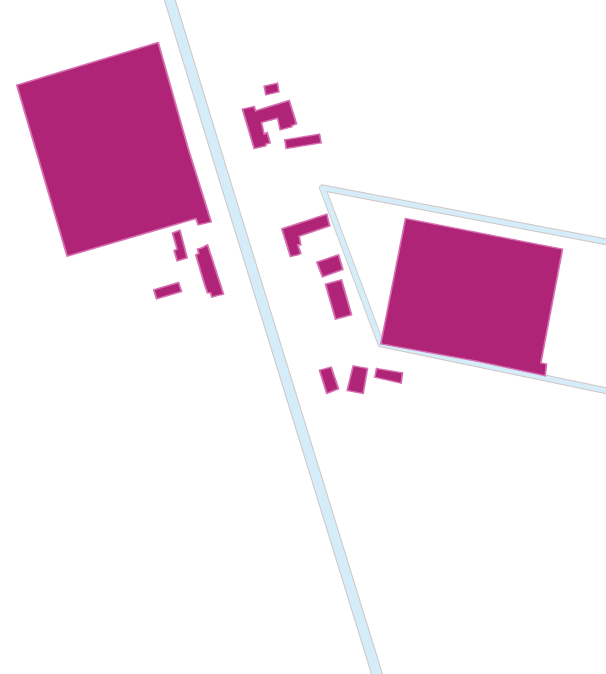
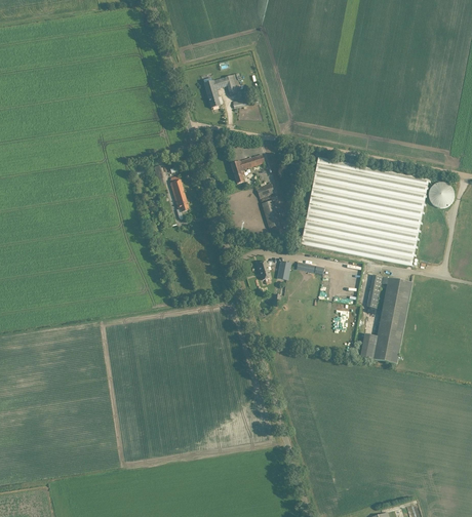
building: [17,43,211,256] -> none
building: none -> [429,186,451,207]
building: none -> [360,275,411,363]

